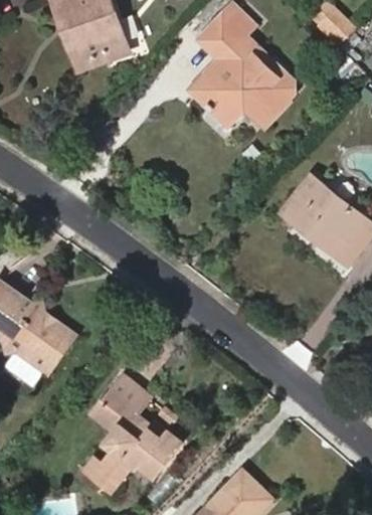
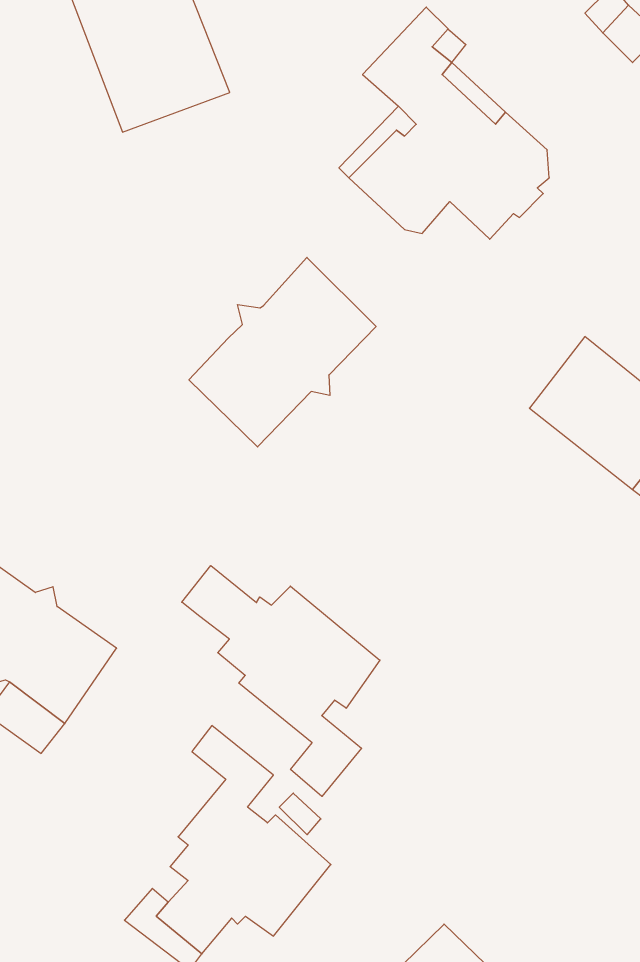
building: none -> [189,257,376,447]
building: none -> [182,566,380,796]
building: [88,385,130,428] -> none

